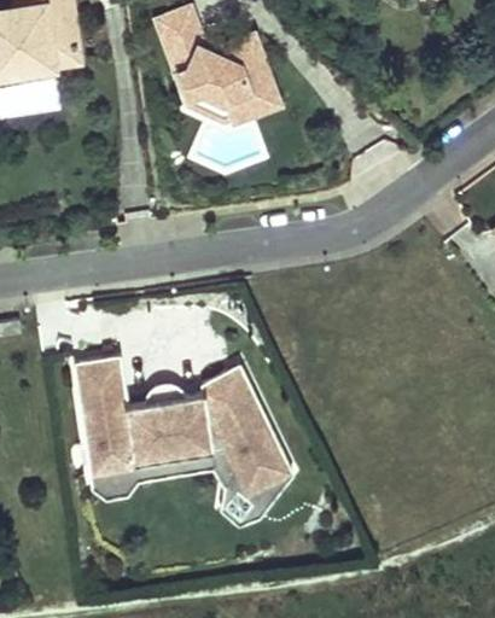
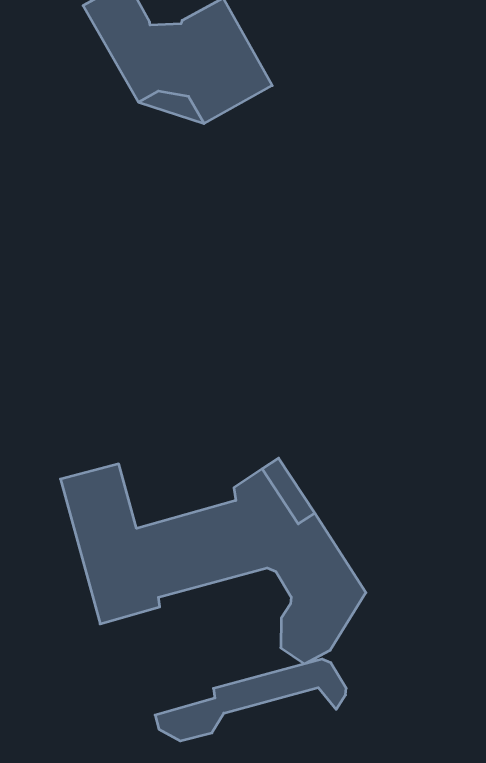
building: [93,449,237,494] -> [155,659,346,741]

